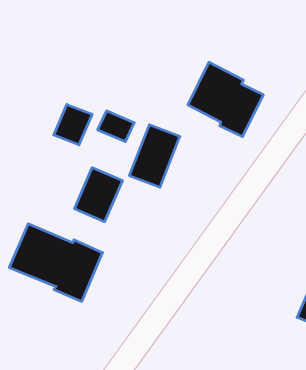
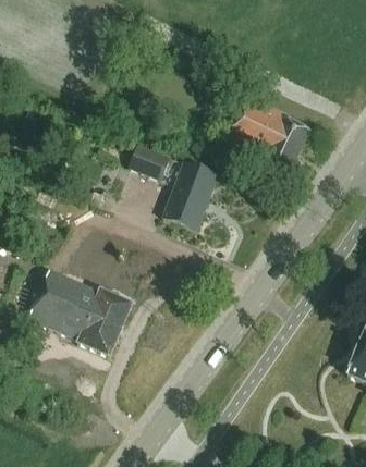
building: [54,104,92,145] -> none
building: [75,168,122,222] -> none

